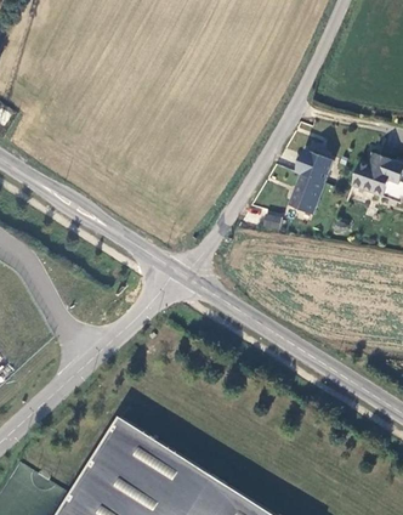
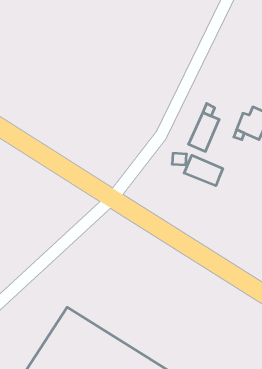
building: none -> [184,155,223,186]

